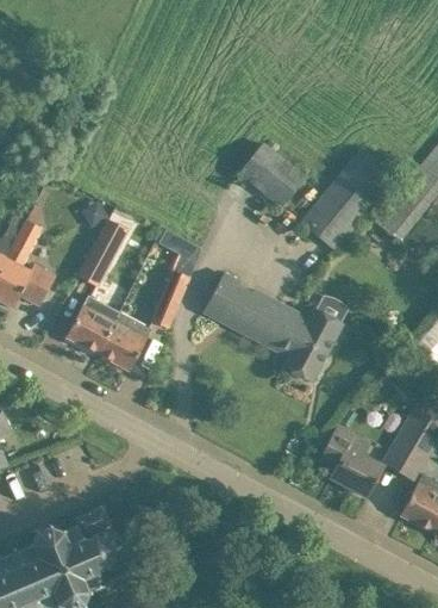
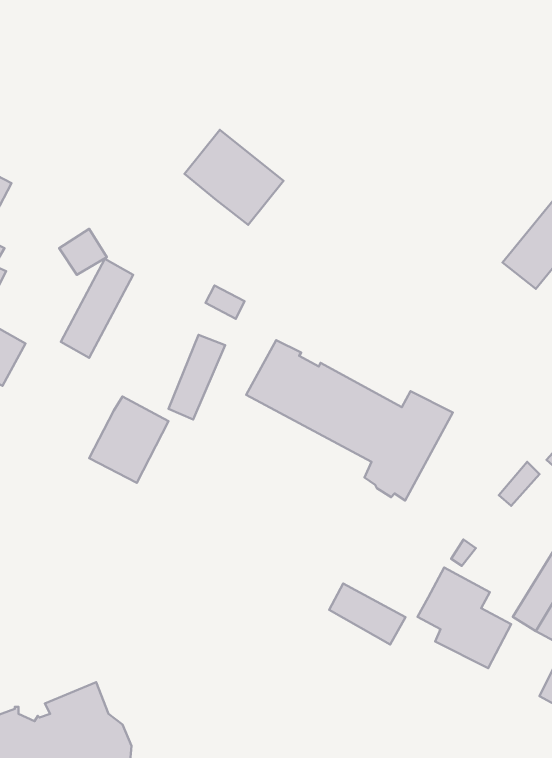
building: [239,143,306,207] -> [185,130,284,225]
building: [301,148,396,250] -> none
building: [65,296,114,354] -> none
building: none -> [329,584,406,645]

